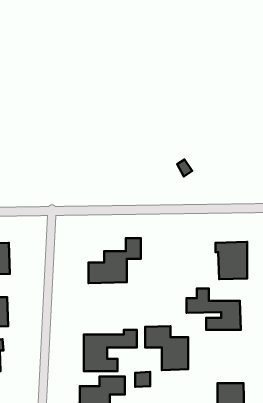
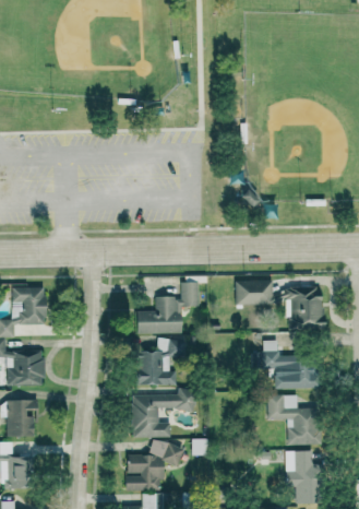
building: none -> [235,280,272,305]
building: none -> [136,352,177,384]
building: [145,326,188,370] -> [268,394,319,446]

